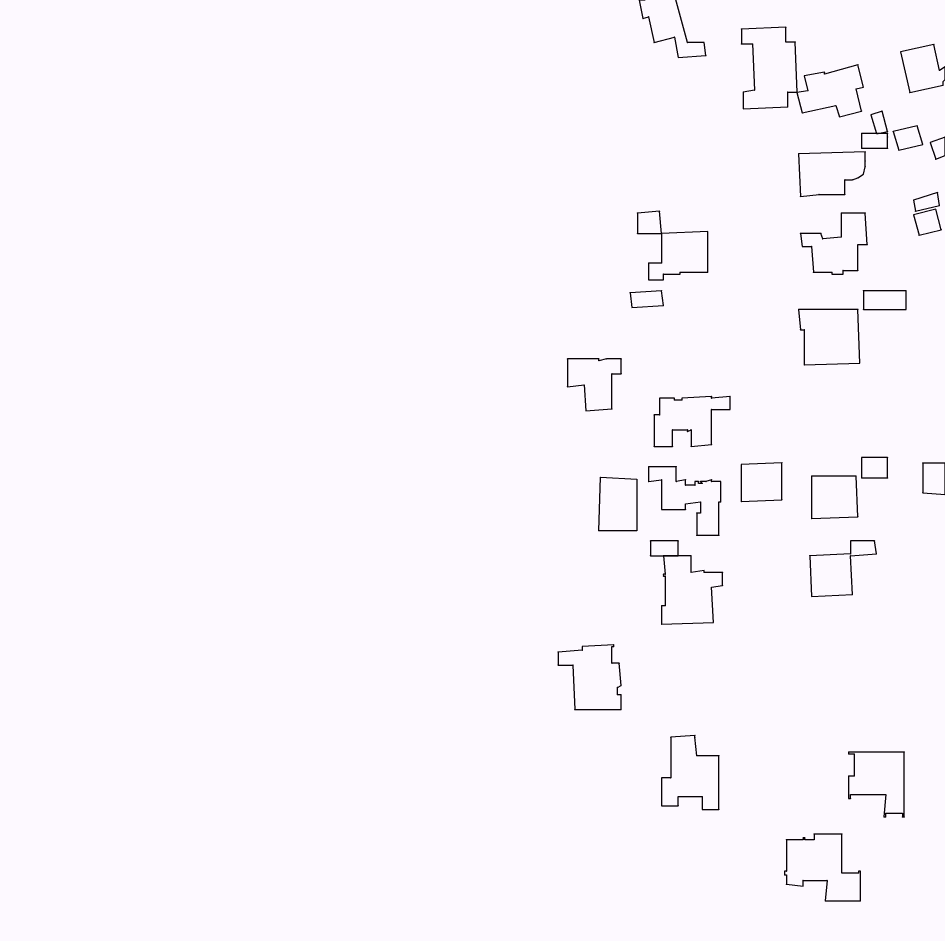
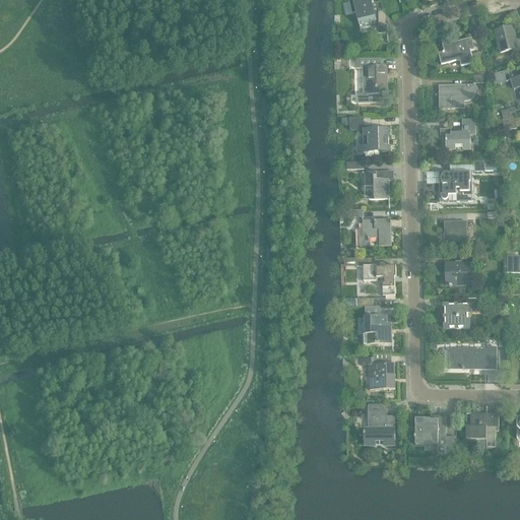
building: [741,27,797,109] -> [355,57,386,102]
building: [567,359,621,411] -> [364,170,393,198]
building: [741,463,782,502] -> [444,219,466,241]
building: [599,477,637,531] -> none
building: none -> [449,345,496,369]
building: [558,645,621,710] -> [360,352,394,388]
building: [785,834,860,901] -> [413,414,455,451]

